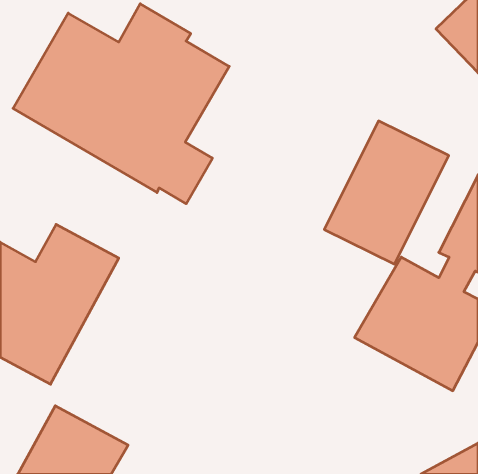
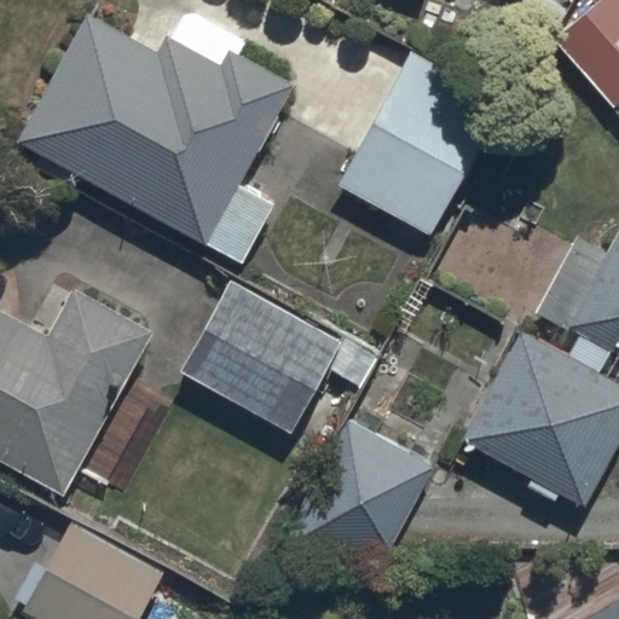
building: [324,121,449,264] -> [341,48,502,233]
building: none -> [183,288,336,428]
building: none -> [280,421,432,586]

